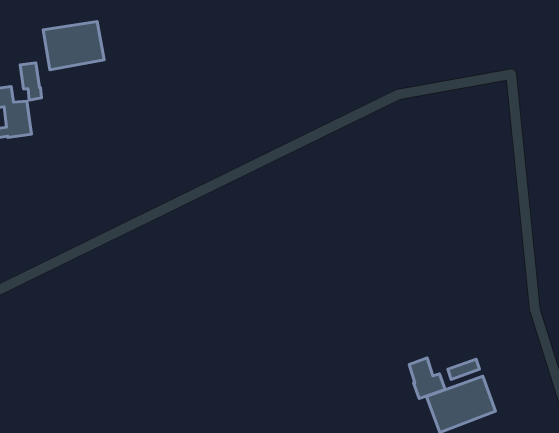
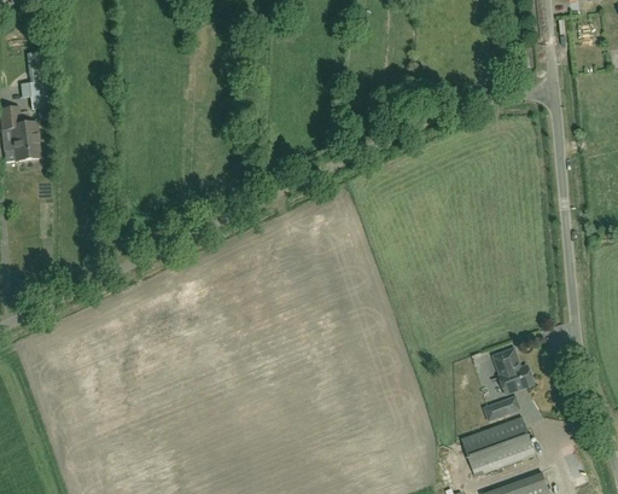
building: [43,22,104,70] -> none
building: [409,358,445,399] -> [492,348,531,391]

